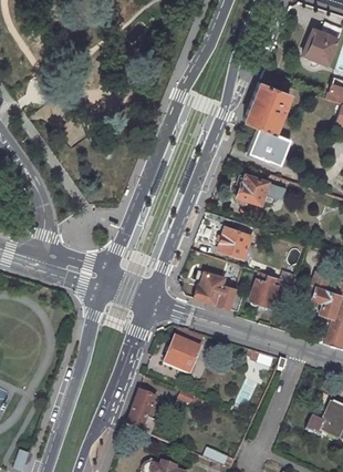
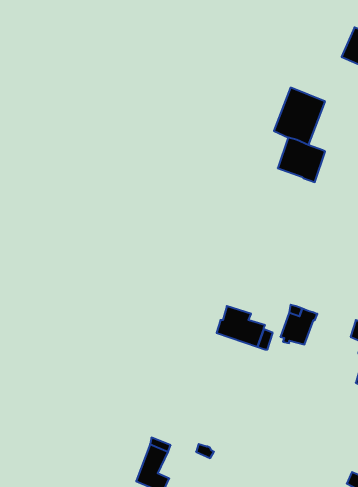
building: [238,175,289,205] -> none
building: [219,227,253,258] -> none
building: [163,327,202,373] -> none

